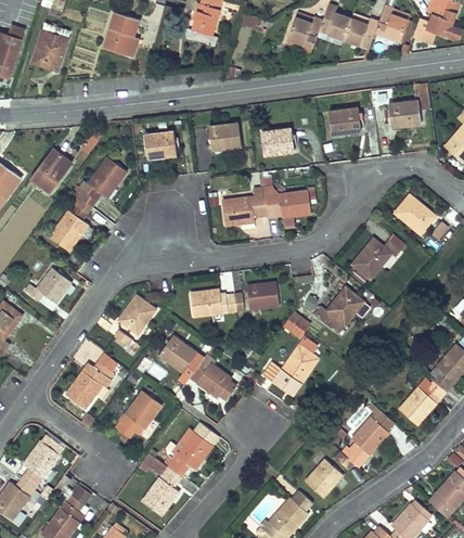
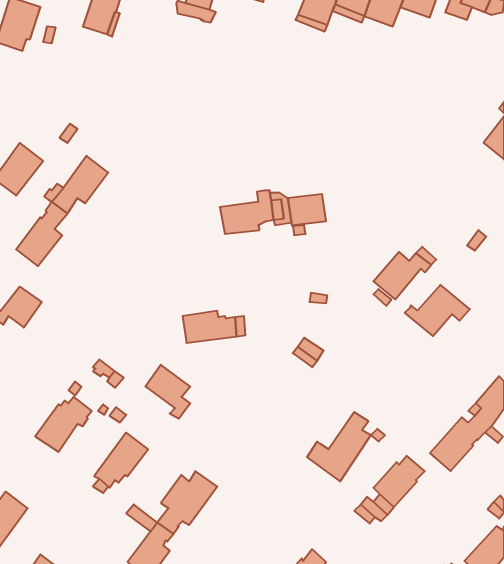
building: [387,101,420,127] -> none
building: [327,107,360,133] -> none
building: [208,123,241,149] -> none
building: [260,128,293,155] -> none
building: [144,131,177,157] -> none
building: [395,194,435,233] -> none
building: [247,281,279,308] -> none
building: [315,287,371,331] -> [405,285,470,336]
building: [118,295,154,332] -> none
building: [263,338,318,397] -> [307,412,371,481]
building: [190,353,236,398] -> none
building: [306,459,343,497] -> none

